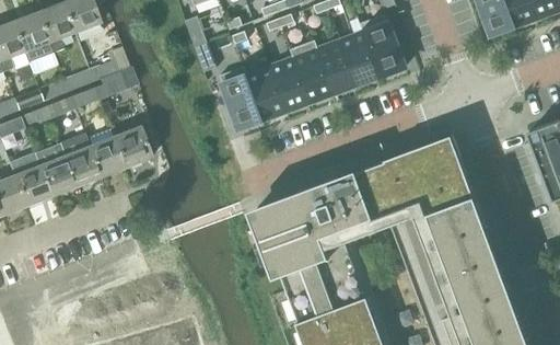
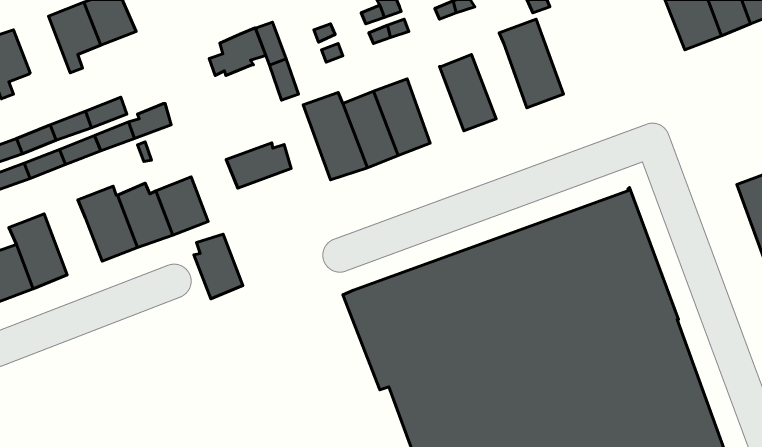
building: [11,12,51,62] -> none
building: [338,32,377,85] -> none
building: [289,41,332,103] -> none
building: [88,48,128,82] -> [209,28,266,75]
building: none -> [226,143,291,188]
building: [33,143,74,197] -> none
building: none -> [194,234,243,299]

